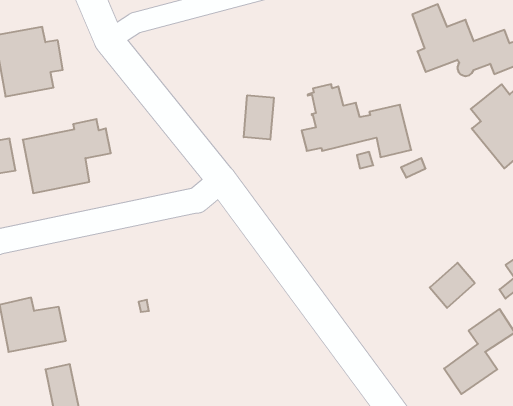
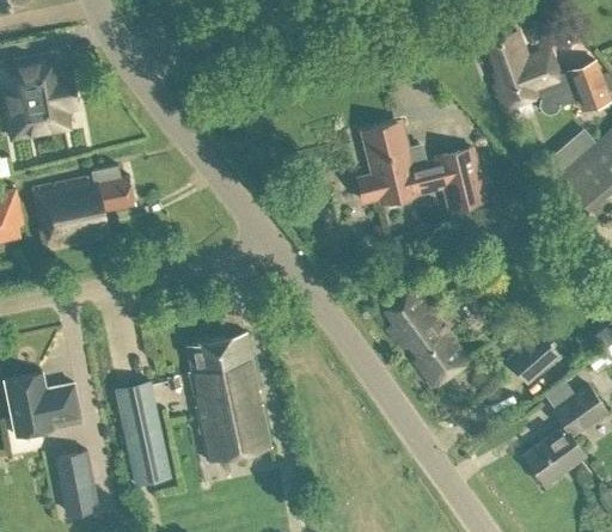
building: [244,95,274,140] -> none
building: none -> [384,289,469,389]
building: none -> [186,334,271,463]
building: none -> [115,383,165,485]

